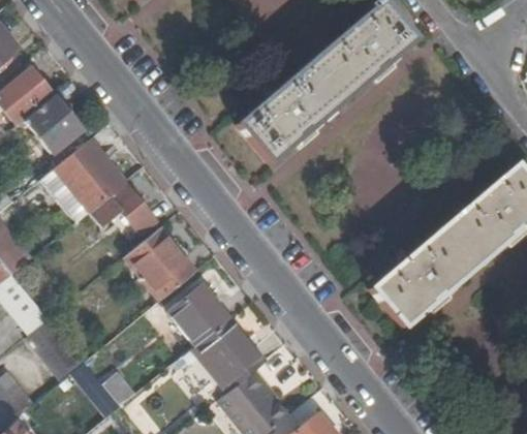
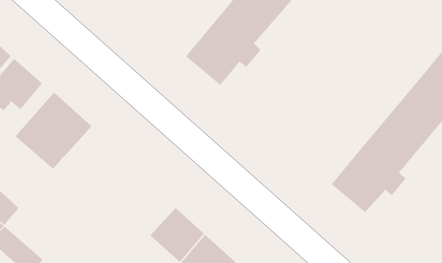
building: [90,185,156,234] -> none
building: [125,226,197,301] -> none

